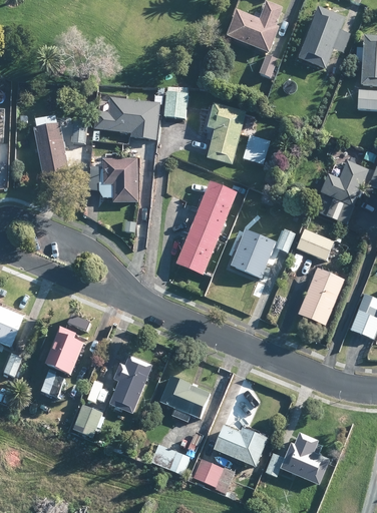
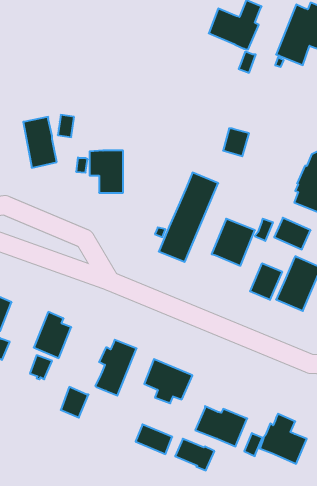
building: [163,85,187,118] -> none
building: [94,96,159,138] -> none
building: [208,102,246,164] -> none
building: none -> [250,263,282,300]

